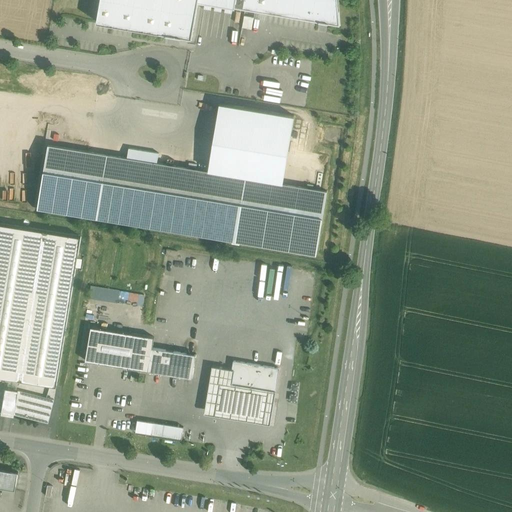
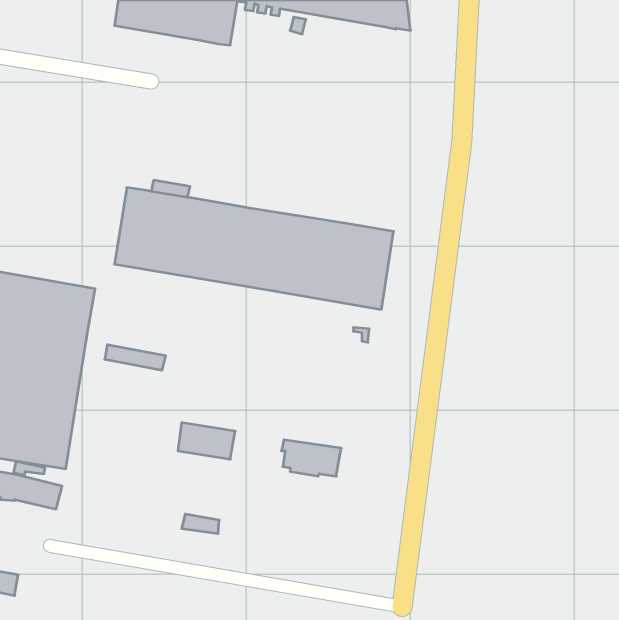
building: [205,105,292,185] -> none
building: [35,146,104,219] -> none
building: [83,328,151,372] -> none
building: [204,368,276,428] -> none

